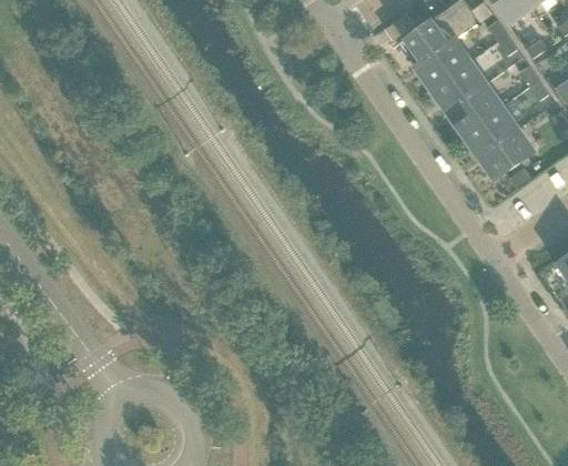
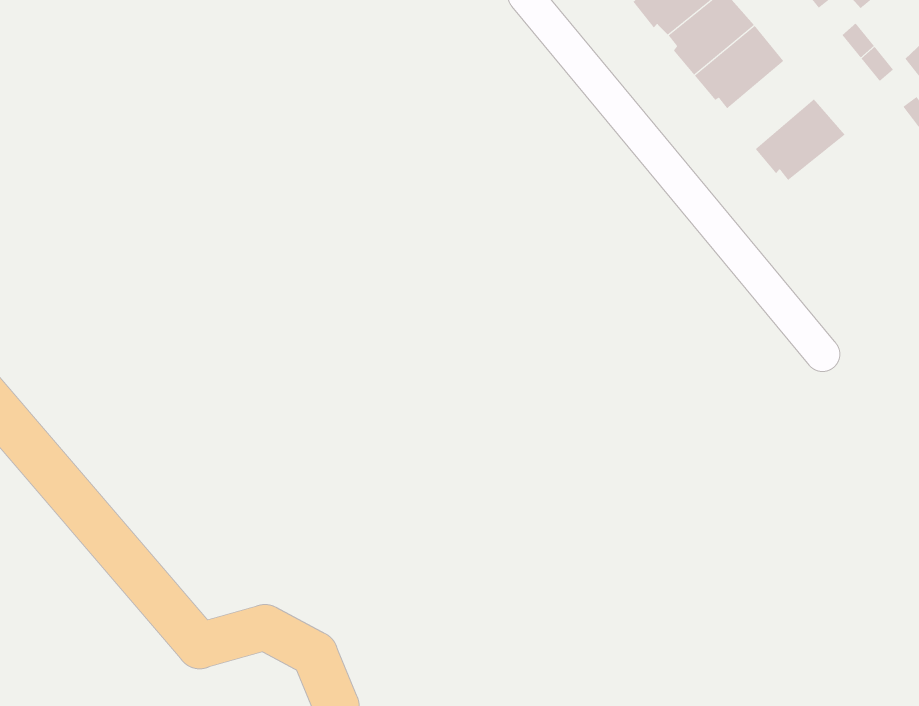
building: [449,83,500,133] -> none
building: [481,129,534,179] -> none

